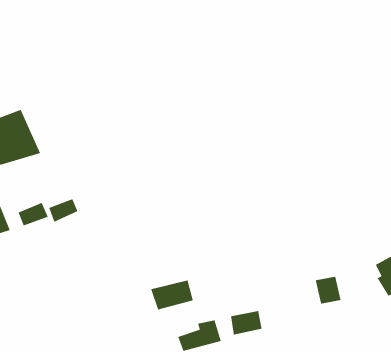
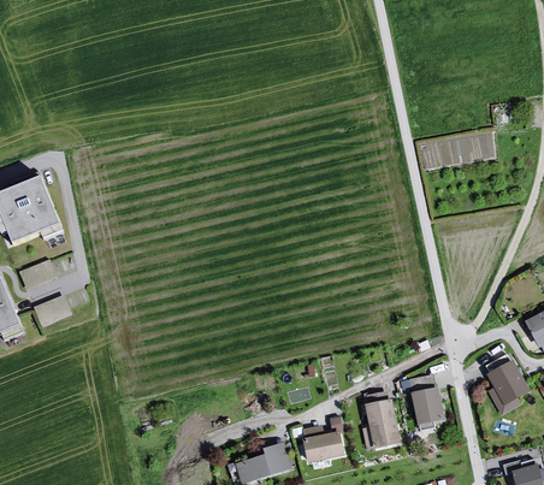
building: [48,198,79,223] -> [19,260,58,291]
building: [150,280,194,311] -> none
building: none -> [363,400,402,449]

